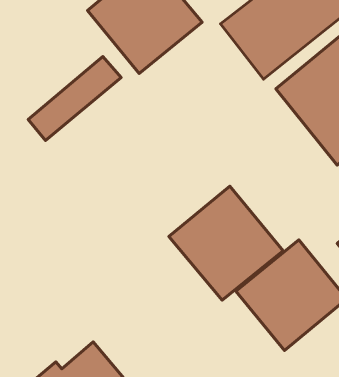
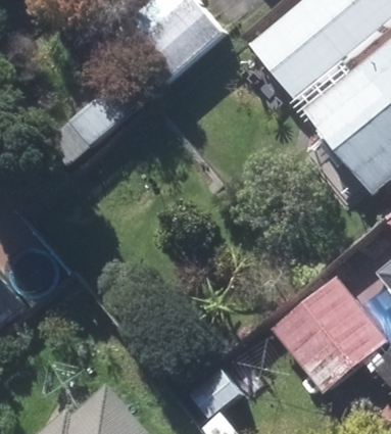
building: [169,186,283,300] -> none

